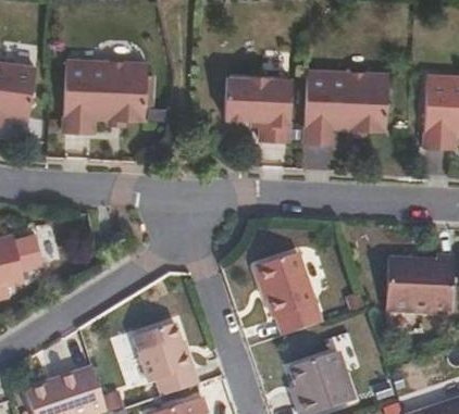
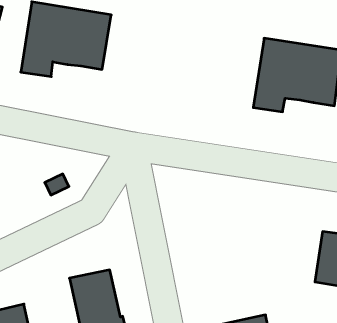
building: [224,75,291,141] -> none
building: [257,251,323,335] -> none

